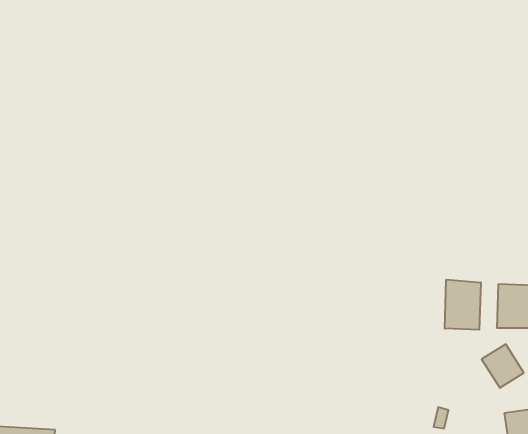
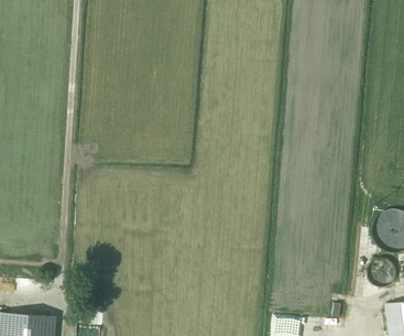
building: [445,280,481,330] -> none

